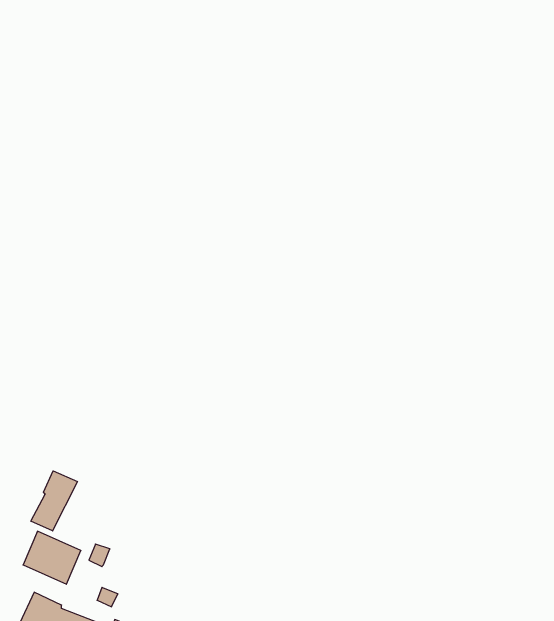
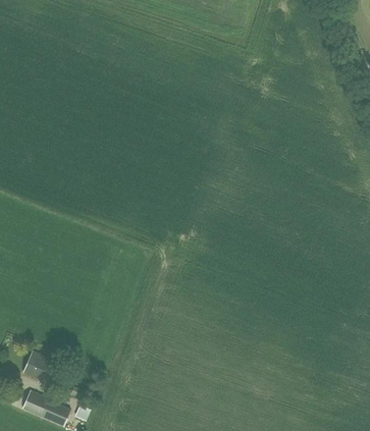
building: [31,471,77,531] -> none

